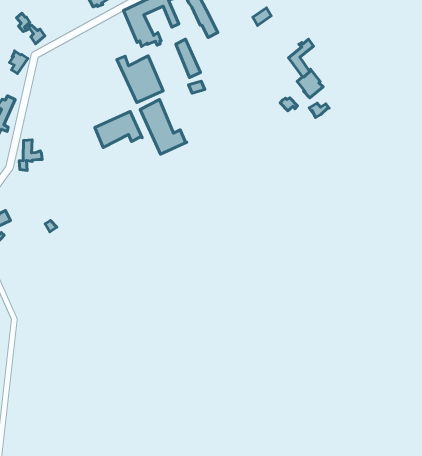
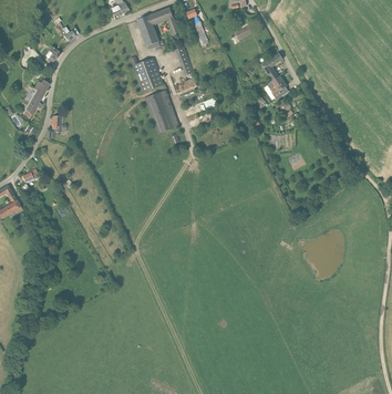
building: [95,111,142,148] -> none

